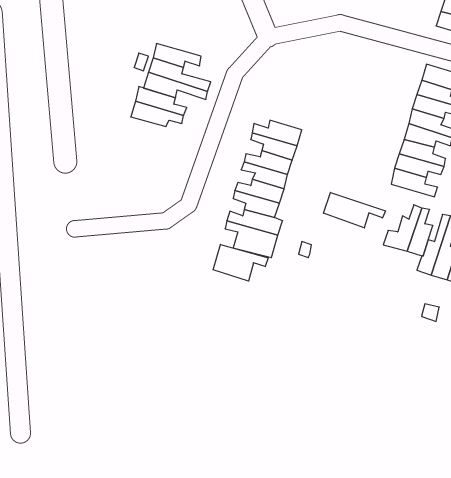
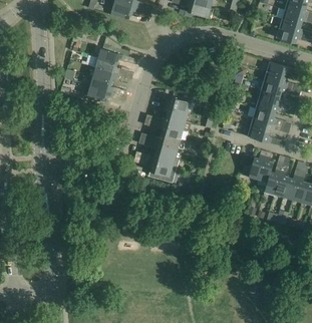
building: [324,192,386,228] -> none
building: [213,244,268,281] -> none

